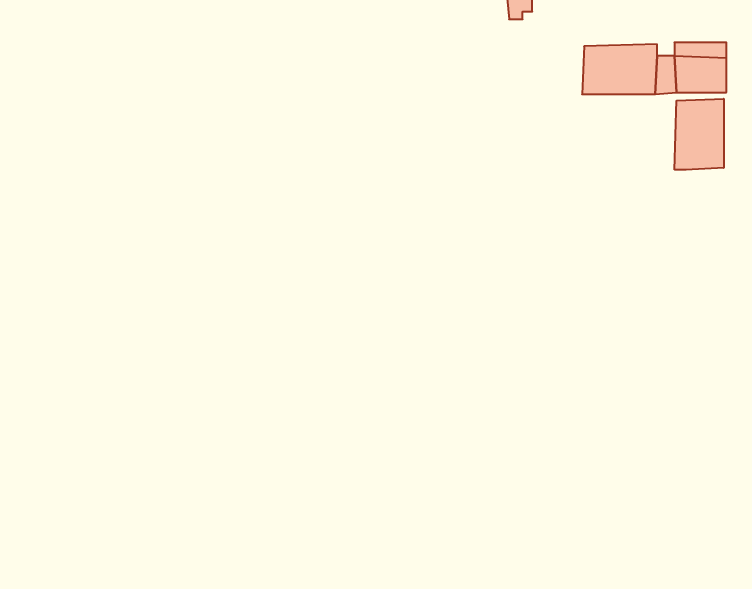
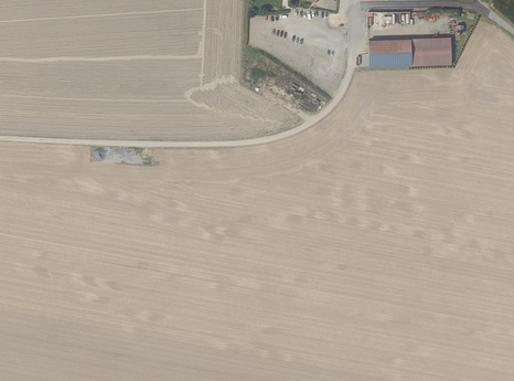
building: [675,99,724,170] -> none

